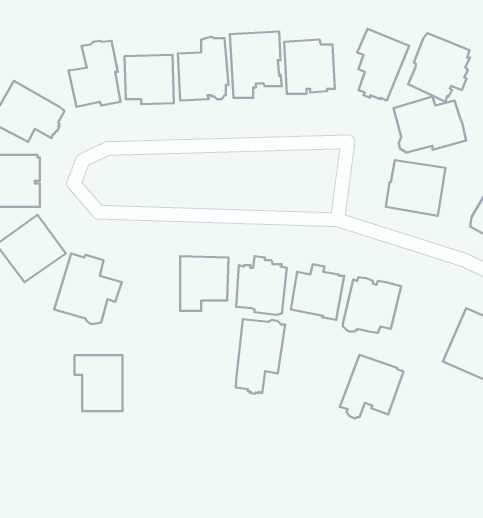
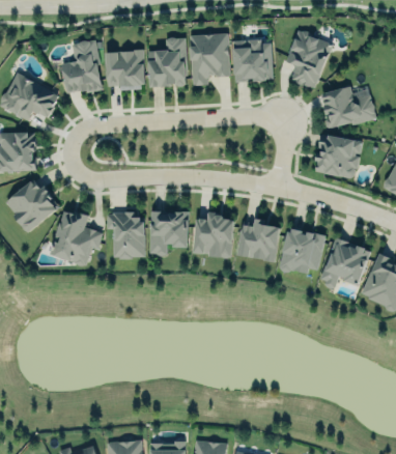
building: [408,33,470,102] -> none
building: [236,319,285,394] -> none
building: [340,355,404,418] -> [320,237,371,288]
building: [74,355,122,411] -> [107,214,145,258]

